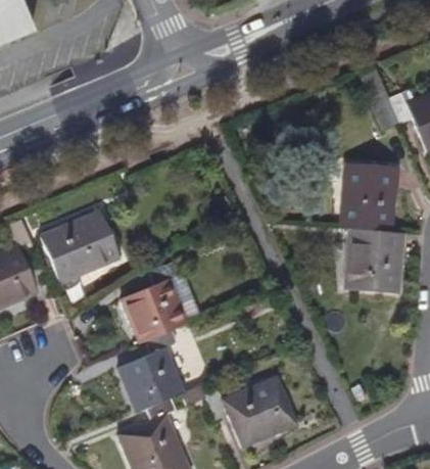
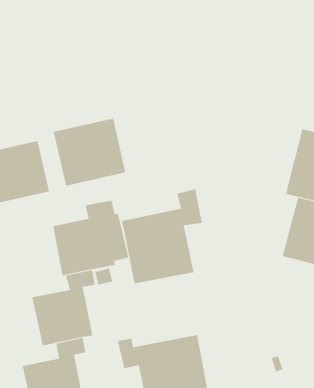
building: none -> [53,118,126,186]
building: none -> [121,189,202,284]

